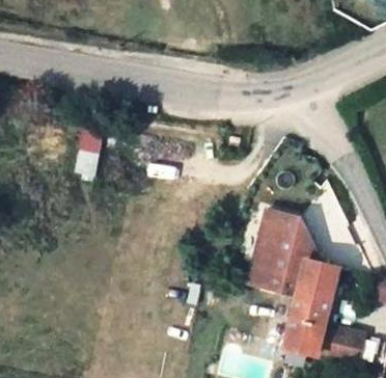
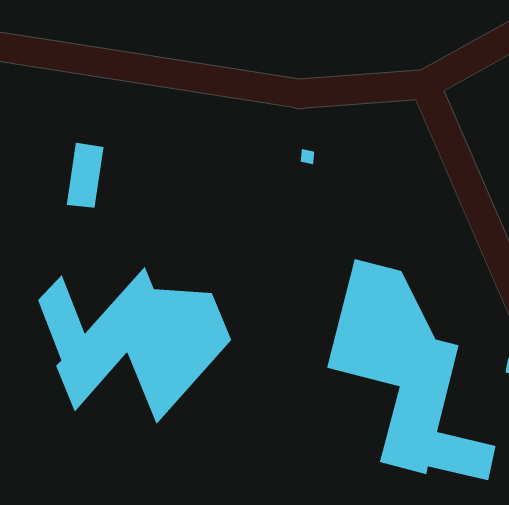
building: none -> [37,266,232,425]

